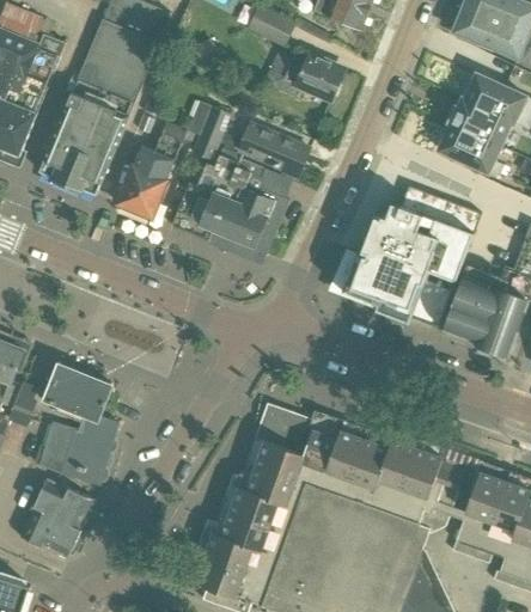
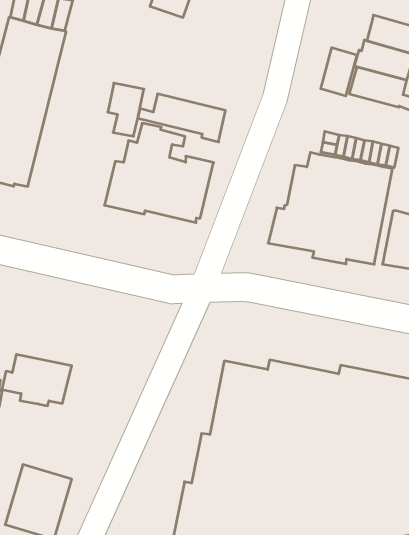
building: [283,50,343,99] -> none
building: none -> [321,48,357,96]
building: [117,122,187,218] -> none
building: [38,416,117,484] -> none

